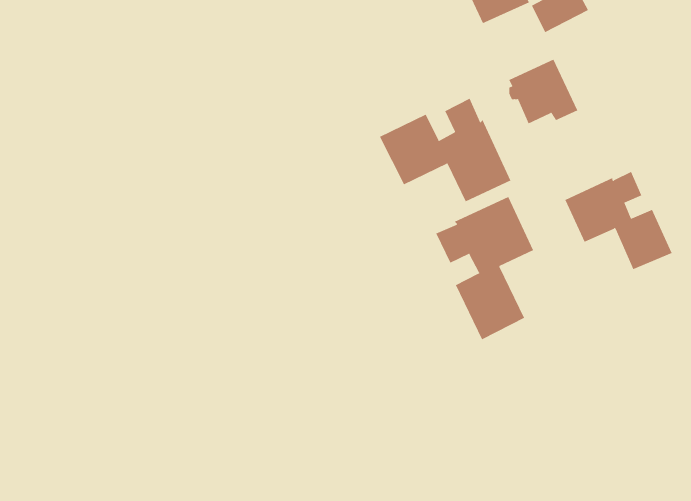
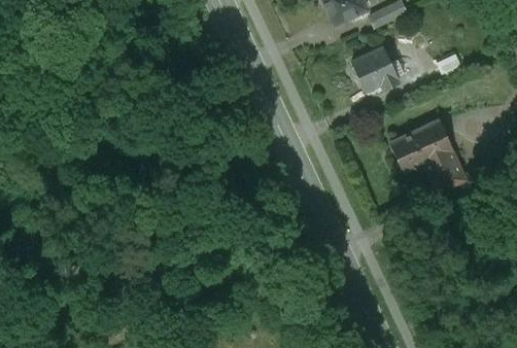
building: [379,98,511,202] -> none
building: [435,196,534,340] -> none

